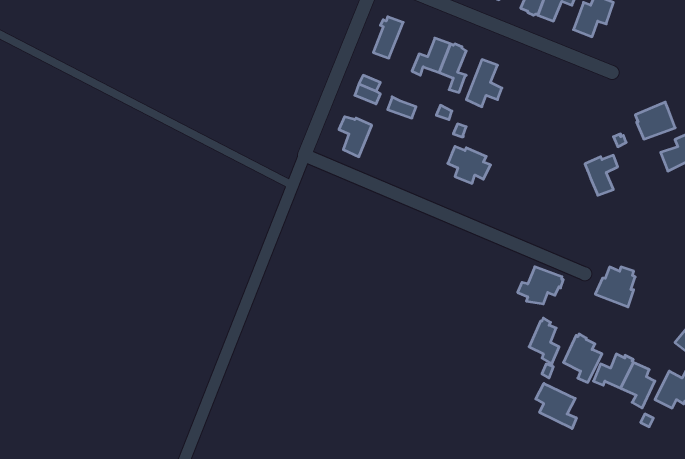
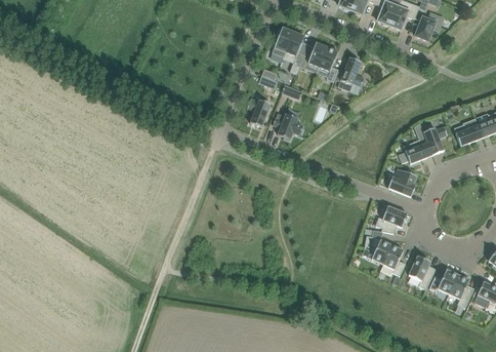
building: none -> [285,31,304,74]
building: [635,102,675,139] -> [454,119,483,146]
building: [448,146,491,183] -> [273,113,303,140]
building: none -> [399,138,432,164]
building: [595,267,635,307] -> [387,168,416,197]
building: none -> [364,236,391,264]
building: [536,383,576,429] -> none

